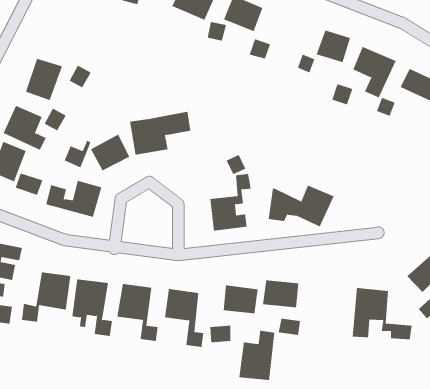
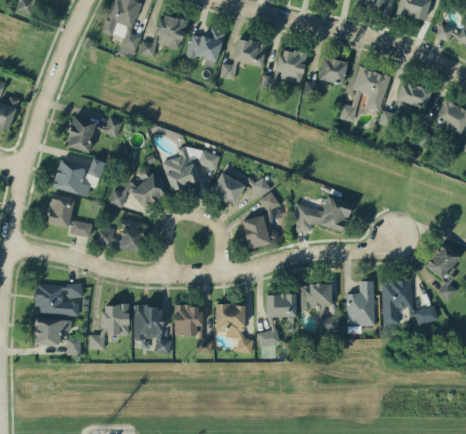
building: none -> [277,49,307,83]
building: none -> [211,172,245,205]
building: [238,330,275,380] -> [347,281,375,325]

